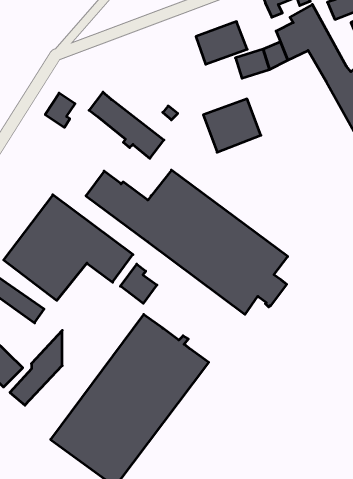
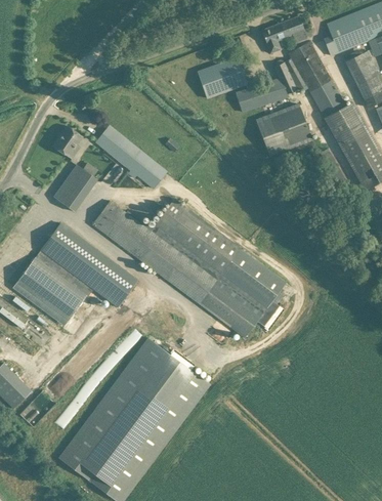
building: [203,99,261,152] -> [256,105,311,156]
building: none -> [53,162,97,212]
building: [120,264,157,303] -> none

